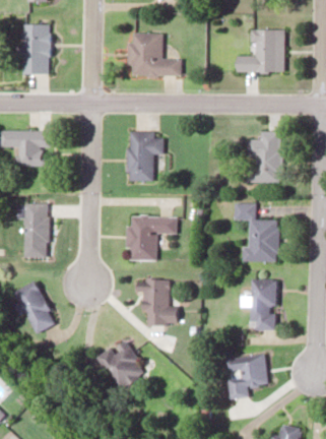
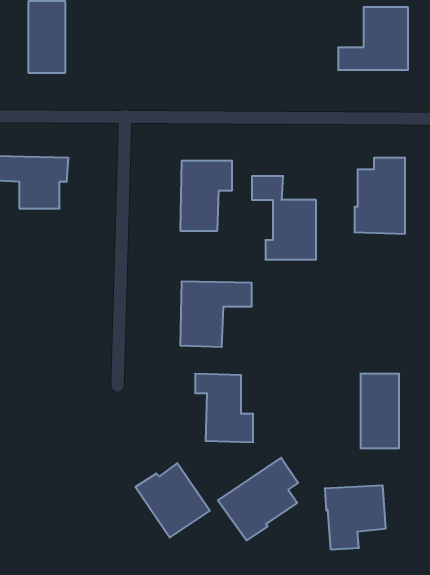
building: [129,34,181,76] -> none
building: [25,203,50,257] -> none
building: [235,203,278,260] -> [252,176,316,260]
building: [14,280,58,335] -> none
building: none -> [218,458,298,540]

